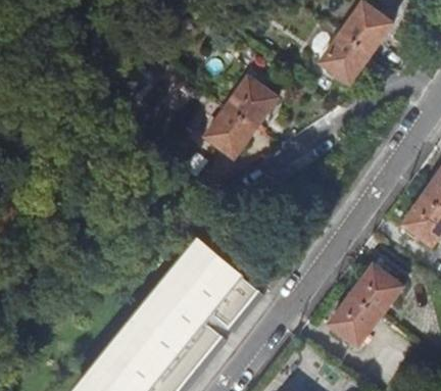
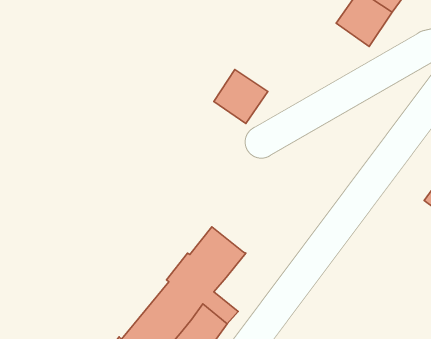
building: [225,72,277,124] -> none
building: [329,265,400,345] -> none
building: [205,271,259,328] -> none

